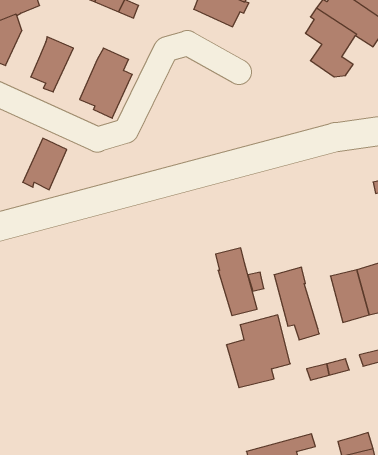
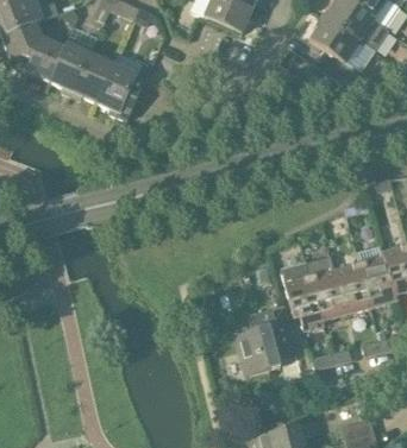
building: none -> [25,36,63,80]
building: [23,138,67,190] -> [70,52,112,101]
building: [216,248,257,316] -> [306,254,345,318]

